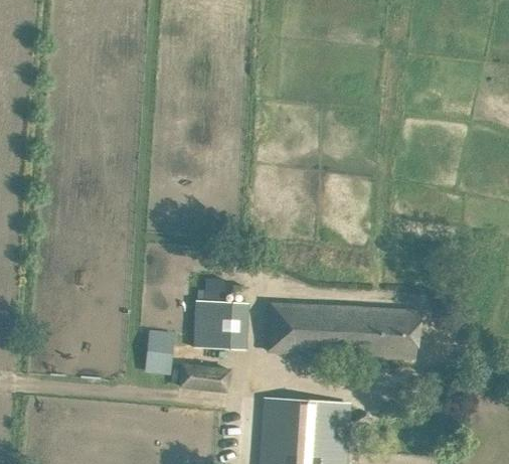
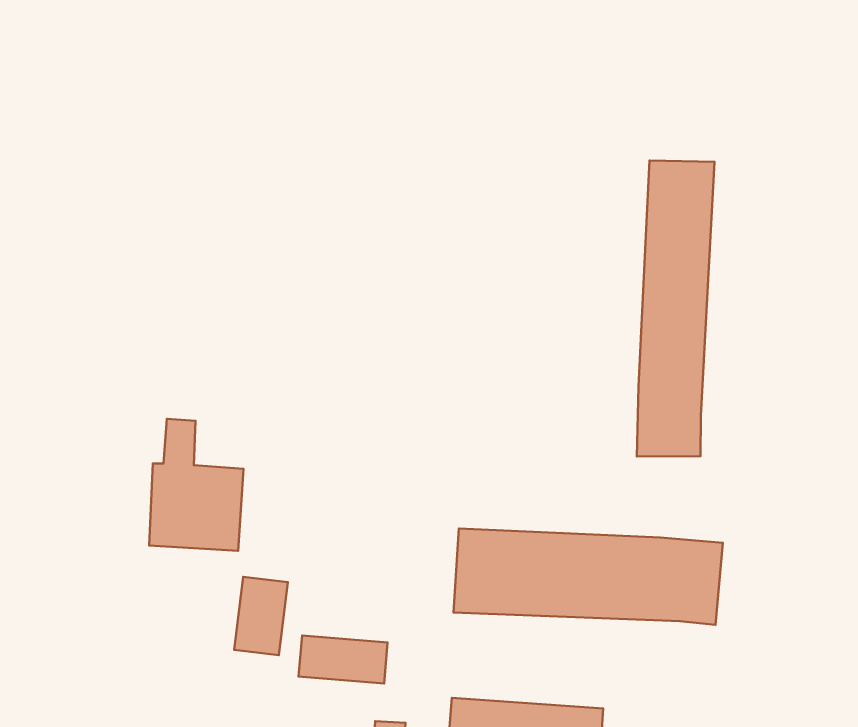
building: none -> [637,160,714,457]
building: [195,277,248,351] -> [149,419,244,551]

